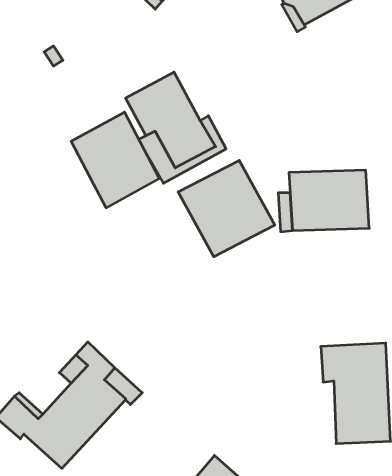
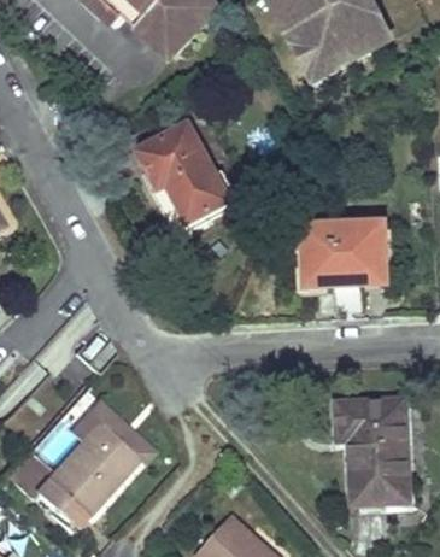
building: [71,112,159,208] -> none
building: [178,160,275,257] -> none

